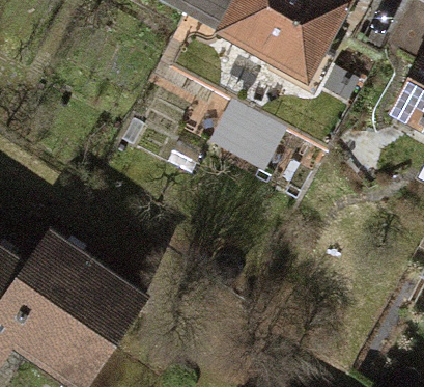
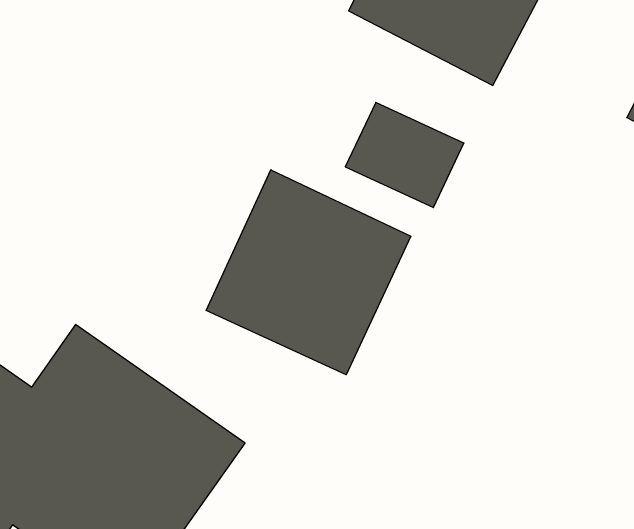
building: none -> [206,170,411,375]

